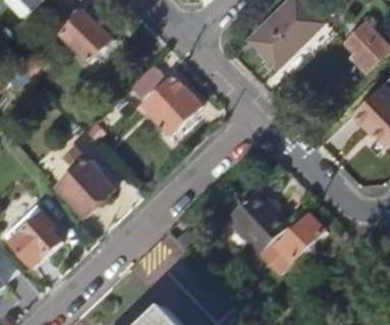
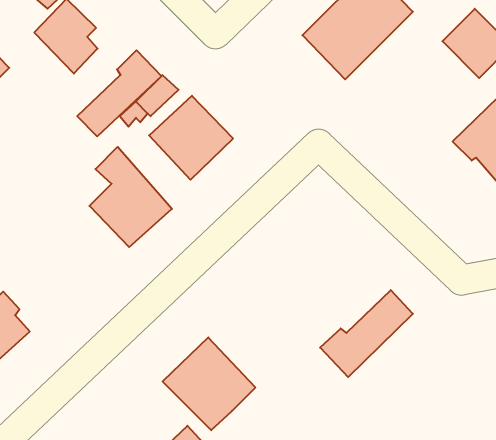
building: none -> [77,50,161,136]
building: [55,149,112,218] -> [89,147,172,247]
building: [226,189,290,254] -> [163,337,255,430]

